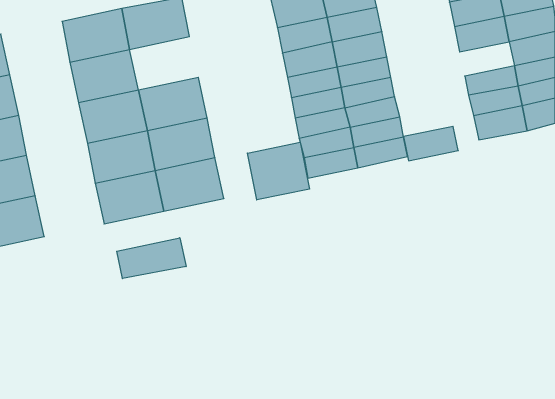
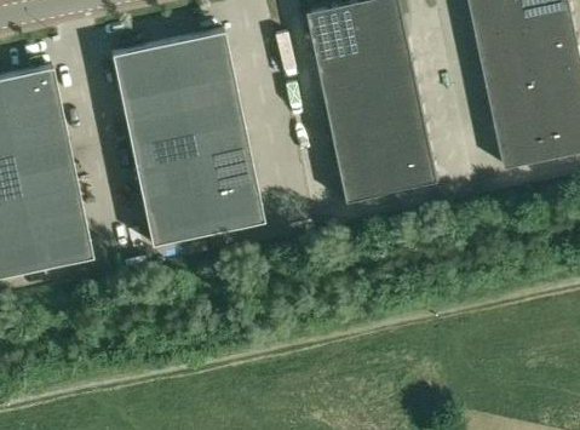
building: none -> [174,69,240,120]
building: [403,126,458,161] -> [488,74,540,107]
building: [247,142,309,200] -> none
building: [117,238,186,279] -> none

